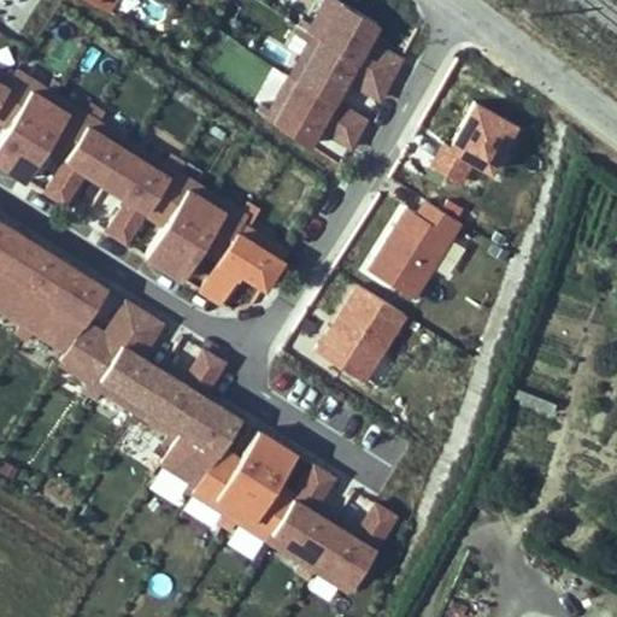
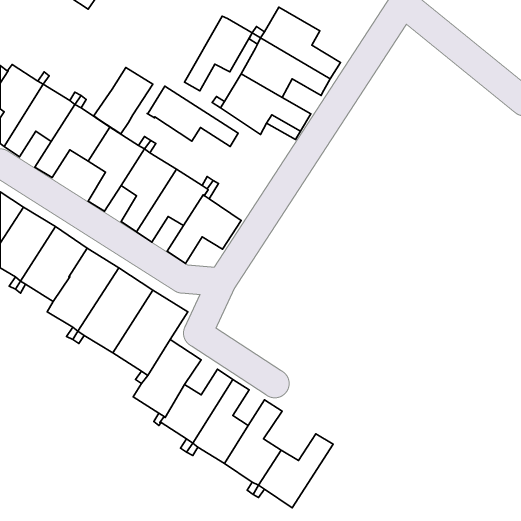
building: none -> [184,16,252,91]
building: none -> [94,68,153,134]
building: [433,88,522,176] -> none
building: none -> [147,86,238,146]
building: [368,186,466,293] -> none
building: [316,276,407,374] -> none

